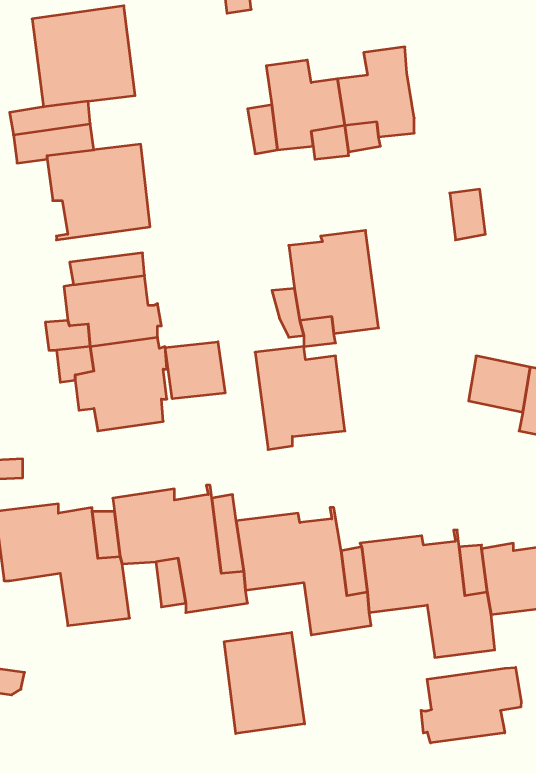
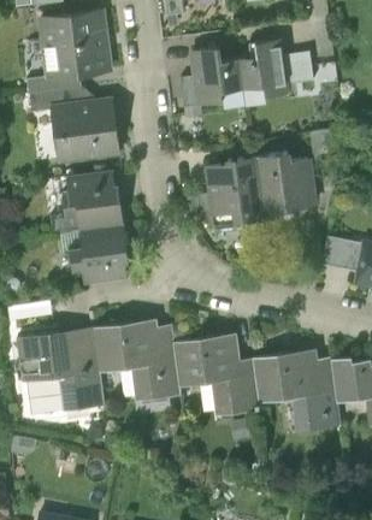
building: none -> [283,51,314,83]
building: [165,342,225,399] -> none
building: [255,347,345,450] -> [256,152,314,218]
building: none -> [28,376,65,413]
building: [224,632,305,734] -> none
building: [421,667,521,743] -> none

